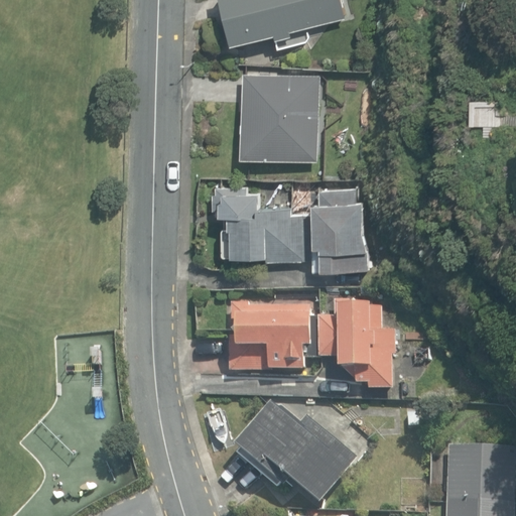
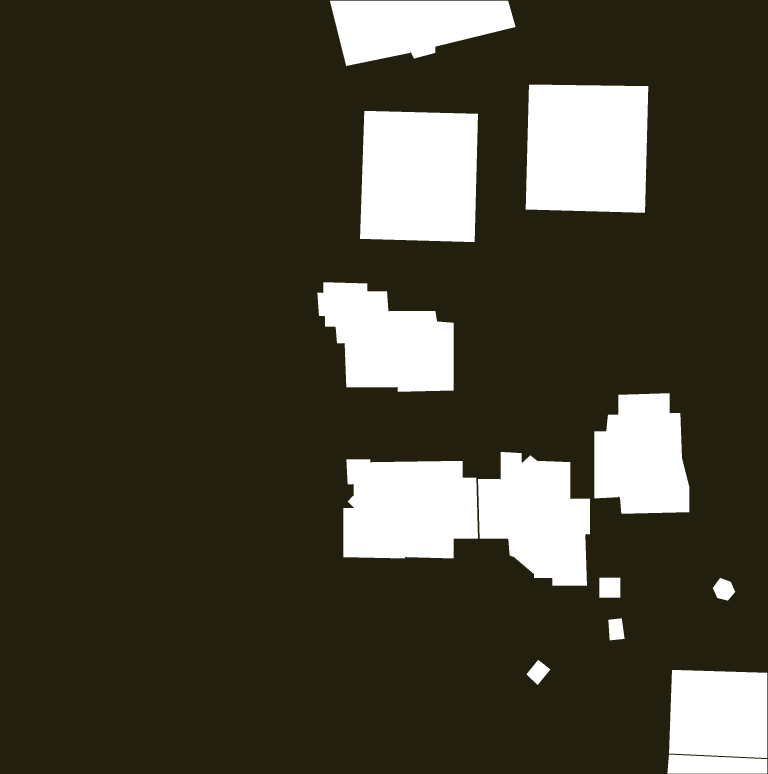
building: none -> [525,84,649,214]
building: [302,189,367,270] -> [593,393,690,514]
building: [232,402,355,504] -> none

